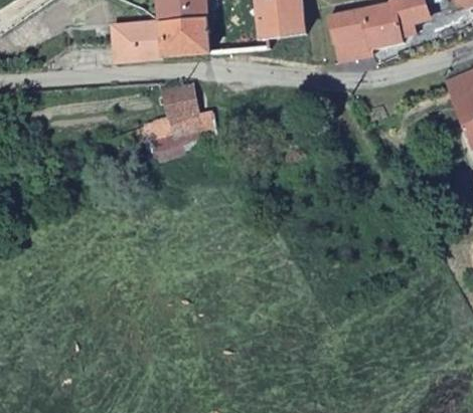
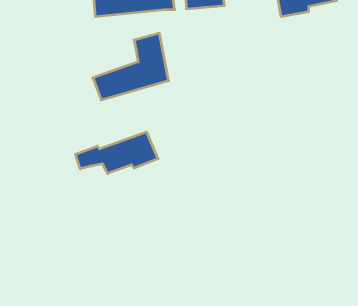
building: none -> [75,132,158,174]

